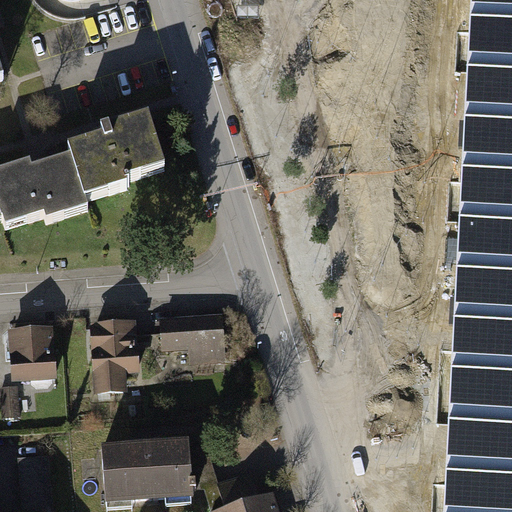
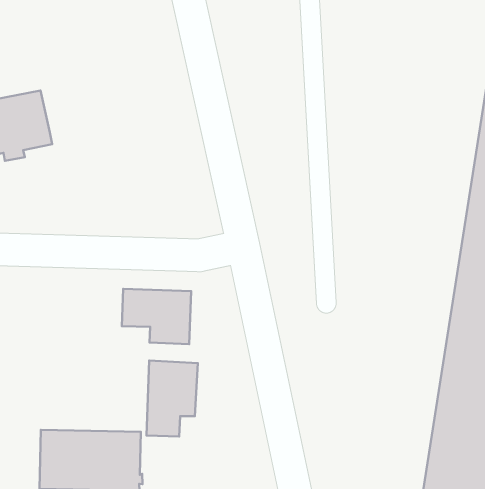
building: [71,109,166,187] -> none
building: [94,323,139,391] -> [146,361,198,436]

